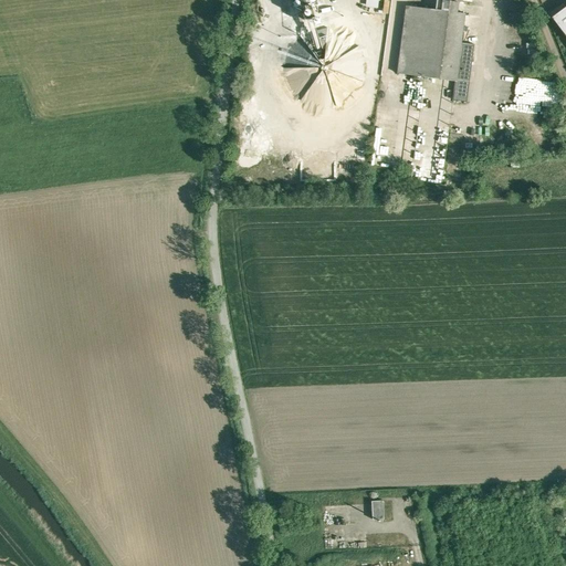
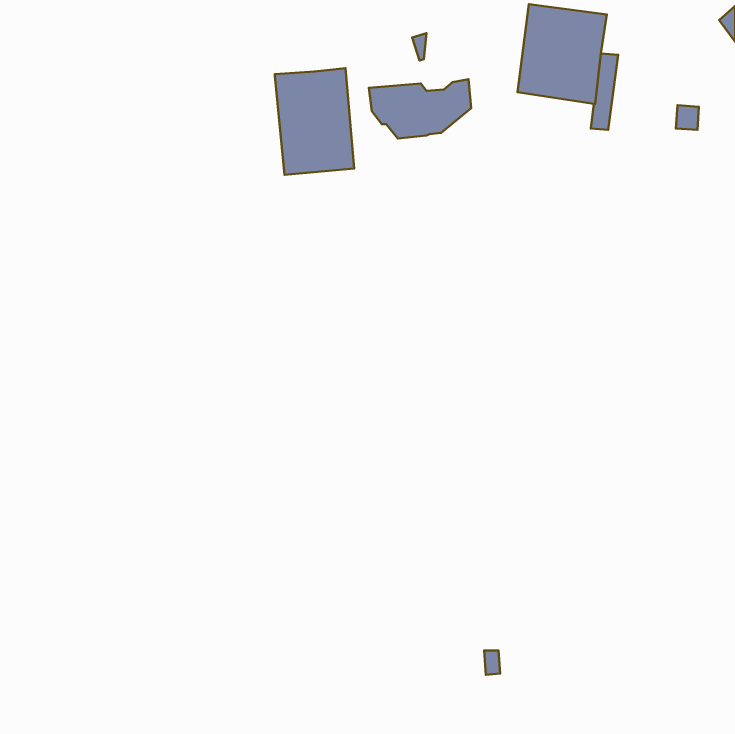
building: none -> [275,68,354,175]

